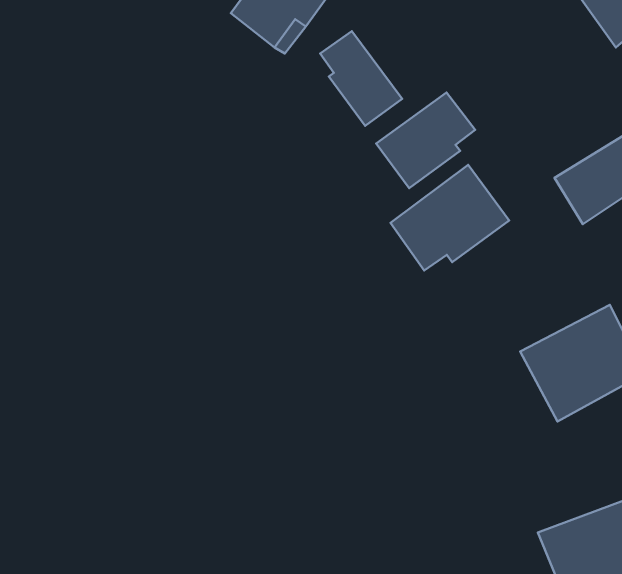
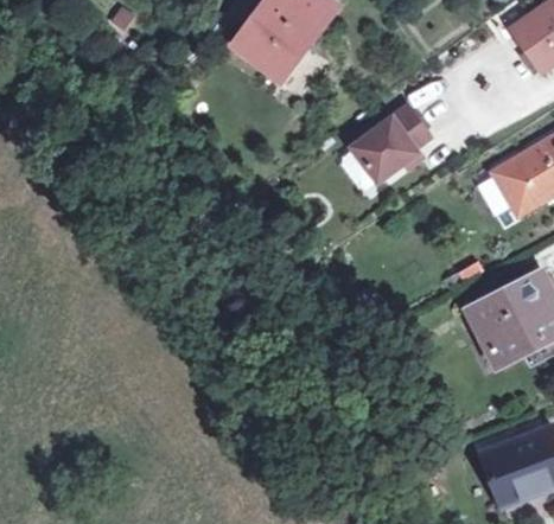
building: [320,31,402,126] -> none
building: [390,165,509,270] -> none

